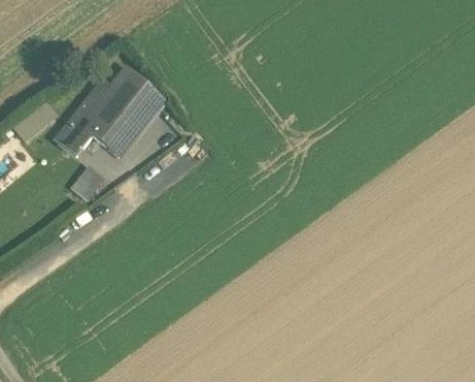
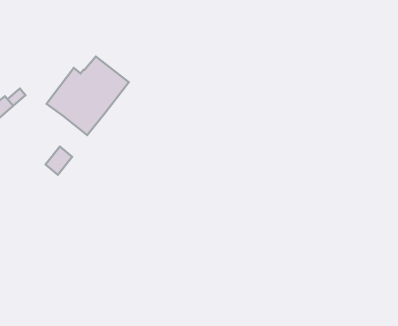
building: [57,120,92,155] -> none

